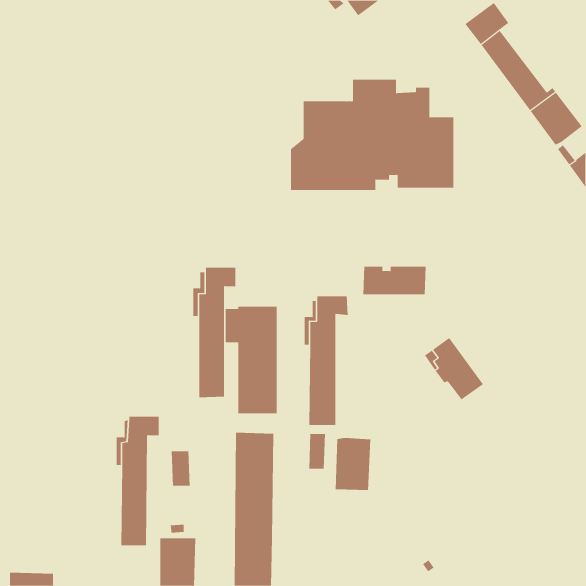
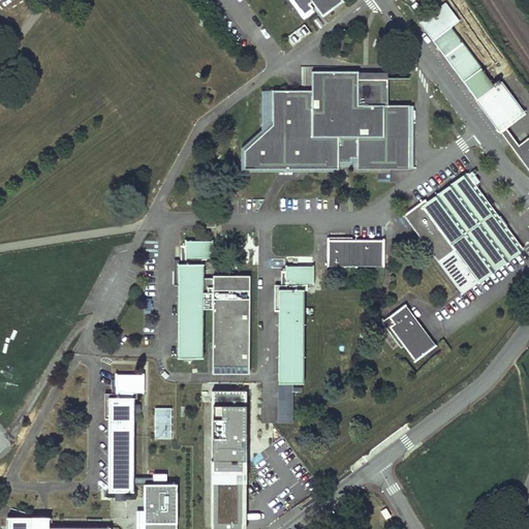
building: none -> [242,134,261,172]
building: none -> [403,175,524,293]
building: [335,437,371,491] -> none

